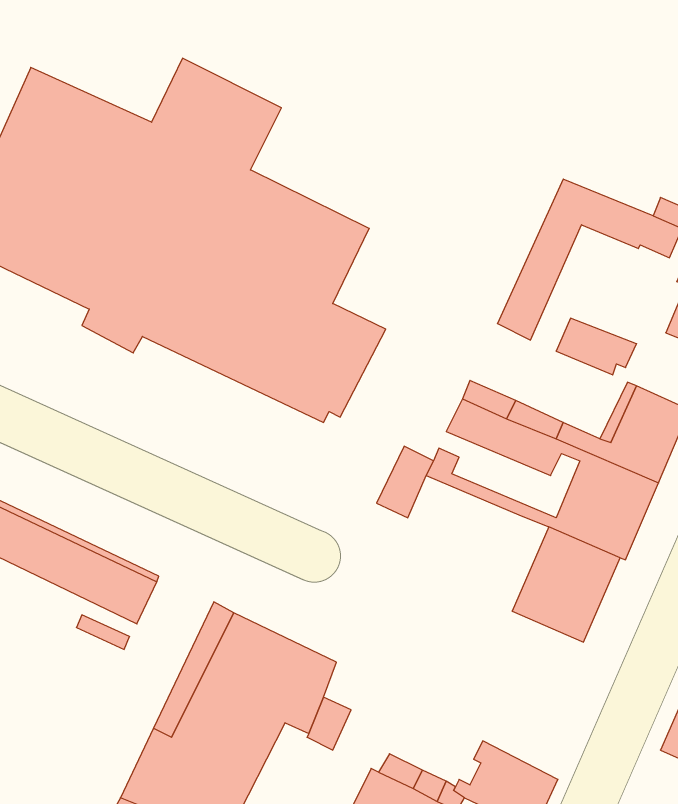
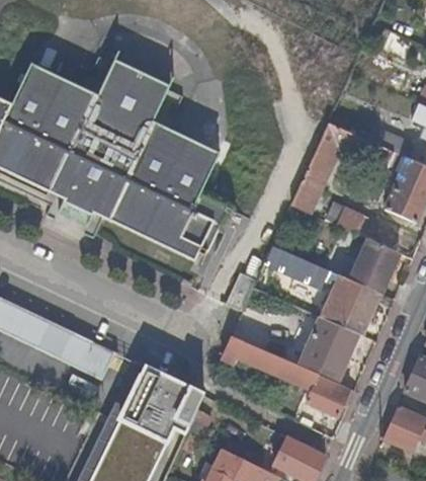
building: none -> [222,338,352,419]

